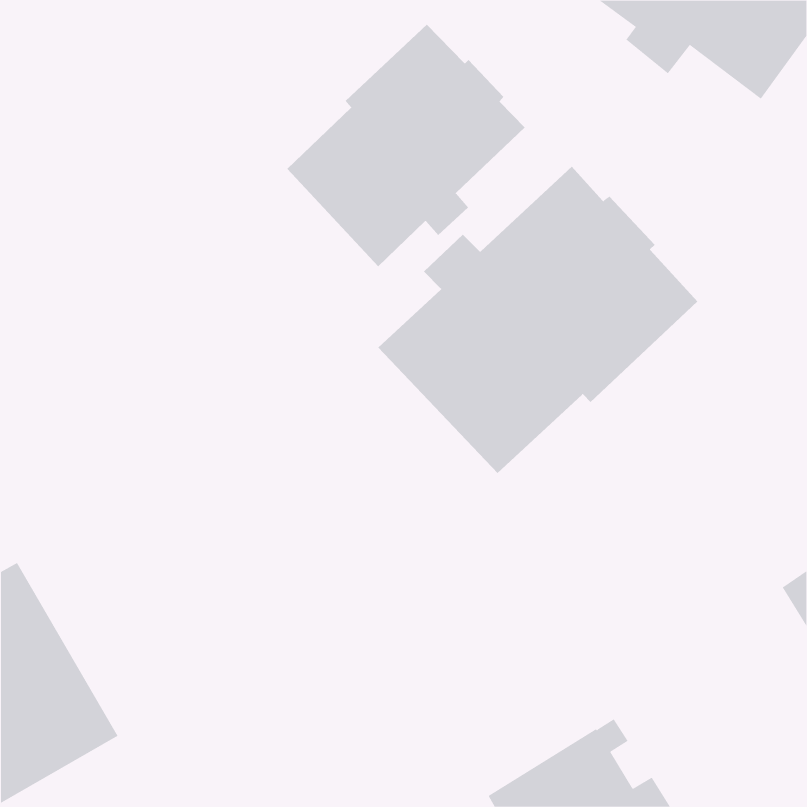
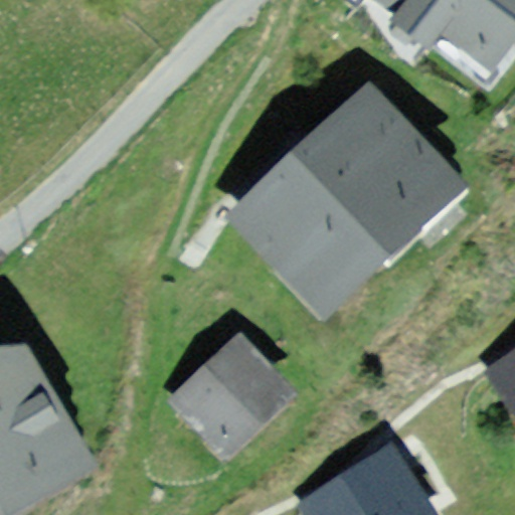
building: [286,24,526,267] -> none
building: none -> [175,351,278,445]

